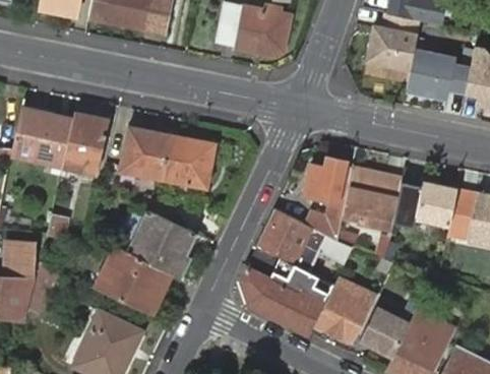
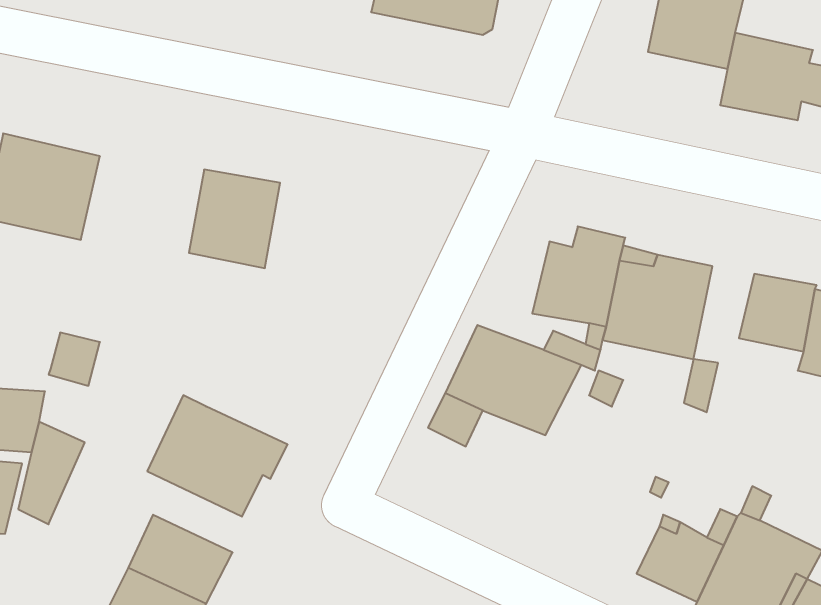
building: [62,113,109,171] -> none
building: [161,133,216,187] -> none
building: [129,211,194,276] -> none
building: [241,256,334,334] -> none
building: [317,290,370,346] -> none

